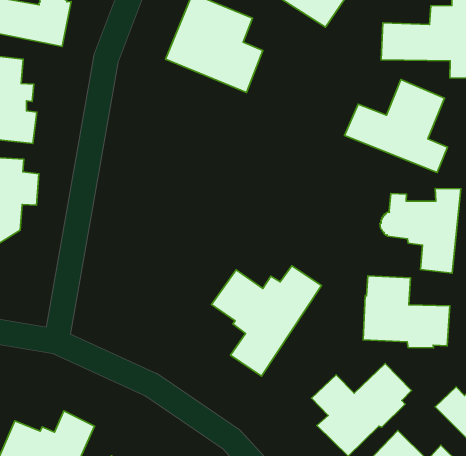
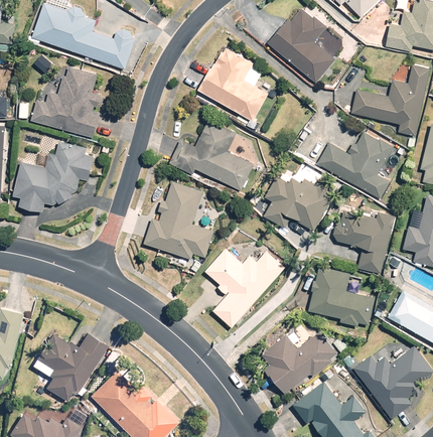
building: none -> [168,121,254,192]
building: none -> [264,176,336,232]
building: none -> [144,181,212,260]

